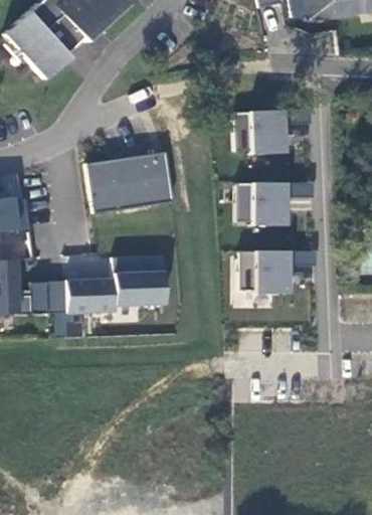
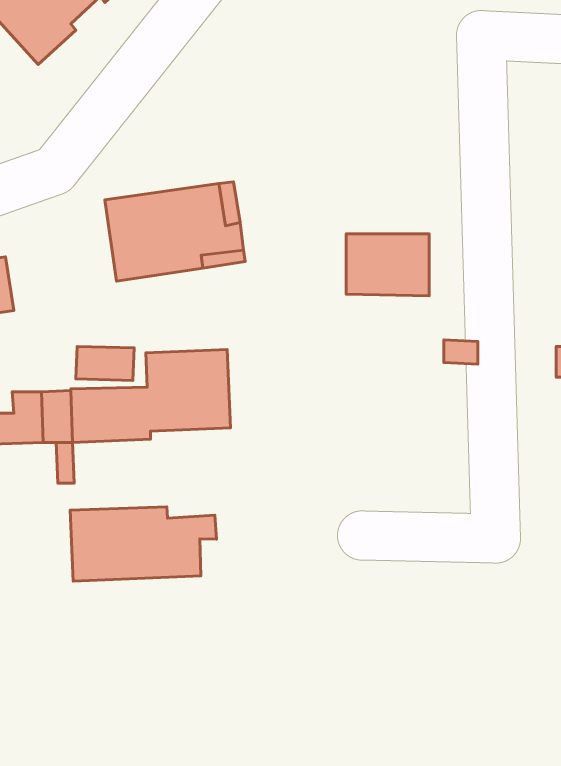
building: [234,111,287,154] -> none
building: [239,251,291,291] -> none
building: none -> [70,507,217,581]

